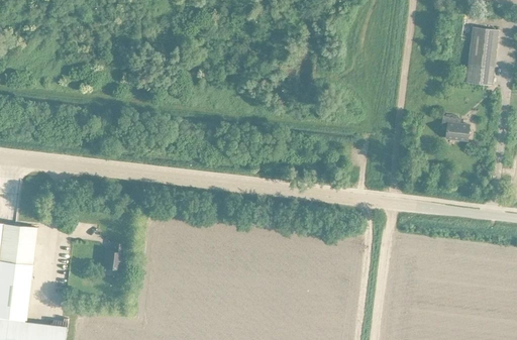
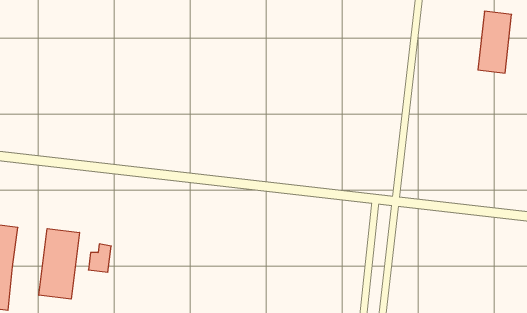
building: [439,116,470,141] -> none
building: none -> [39,229,79,299]

